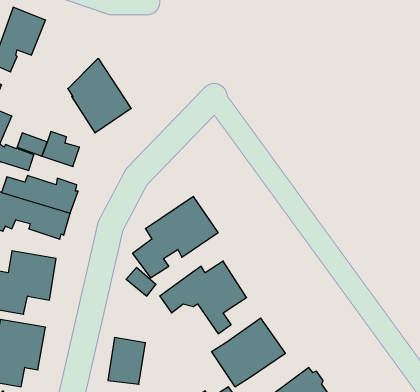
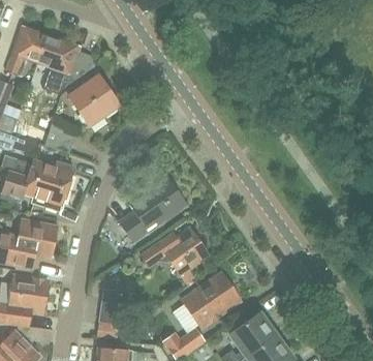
building: none -> [37,34,93,92]

